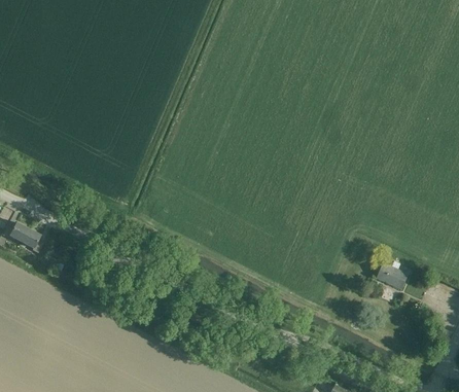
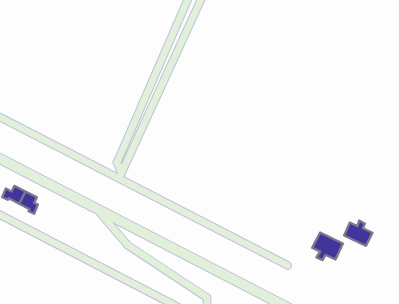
building: none -> [312,233,343,260]

